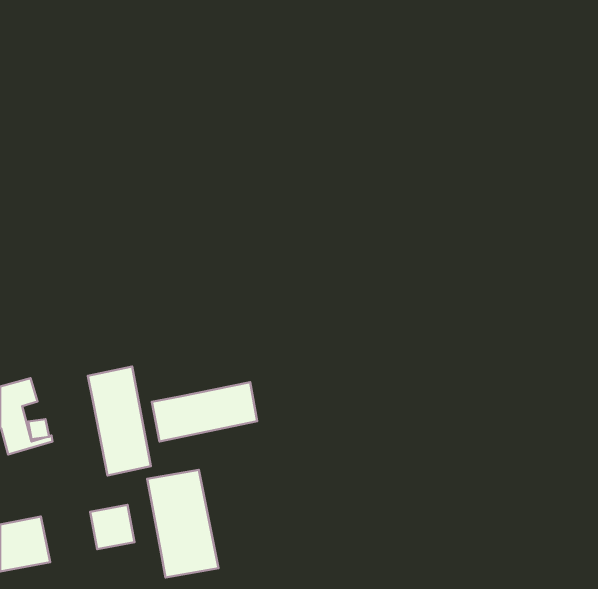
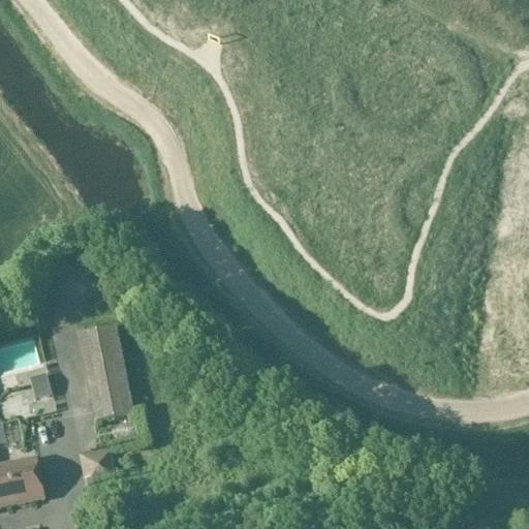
building: [152,382,257,442] -> none
building: [147,470,219,578] -> none

